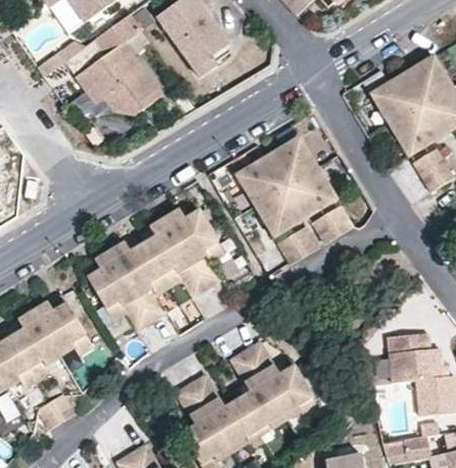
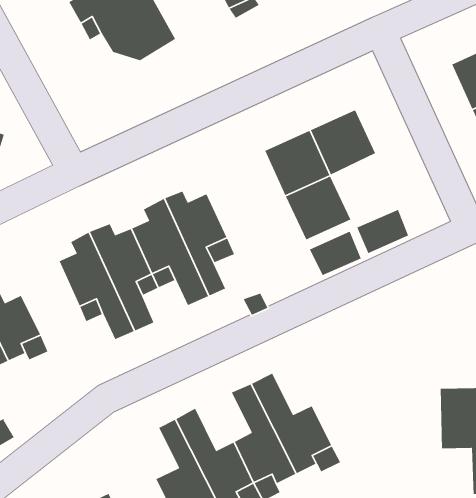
building: [287,167,339,219] -> none

